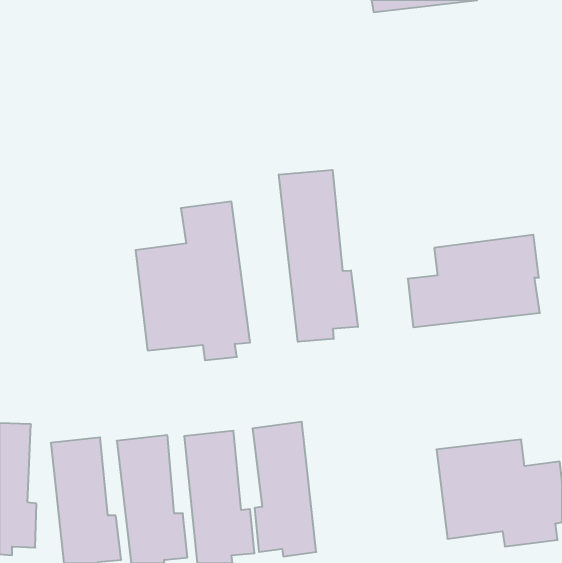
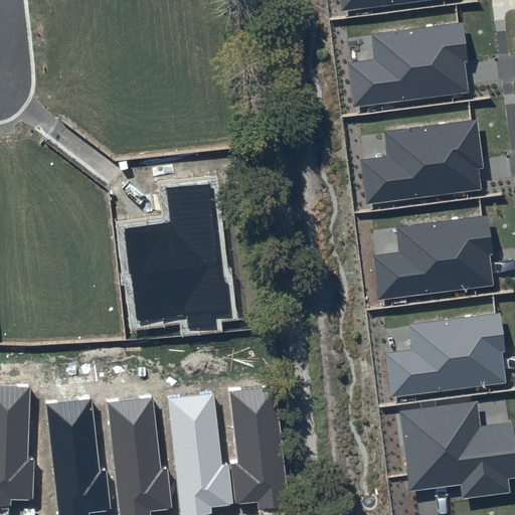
building: none -> [348,22,469,106]
building: none -> [360,120,483,203]
building: [279,170,358,342] -> none
building: none -> [385,313,506,396]

